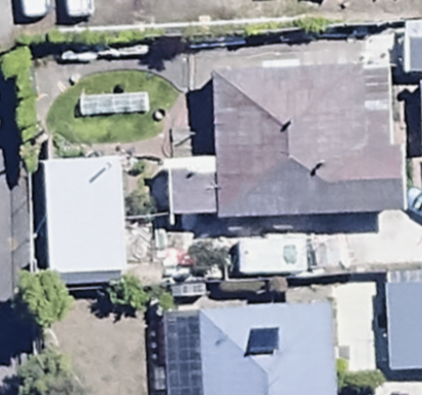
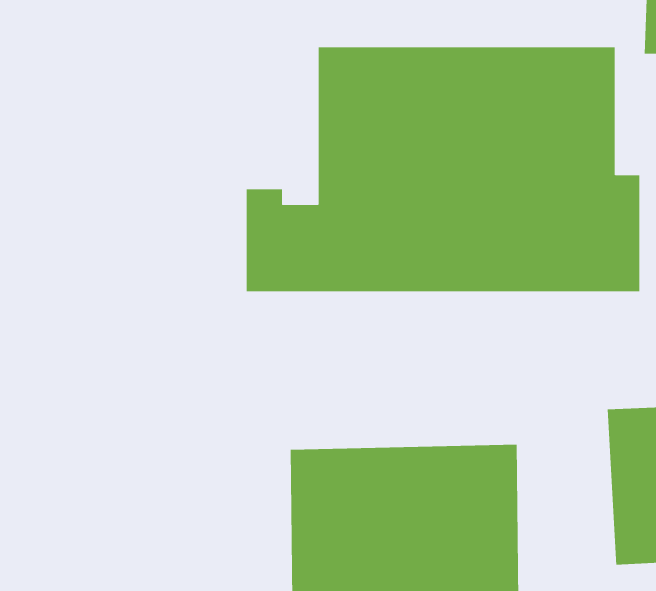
building: [45,155,122,274] -> none

